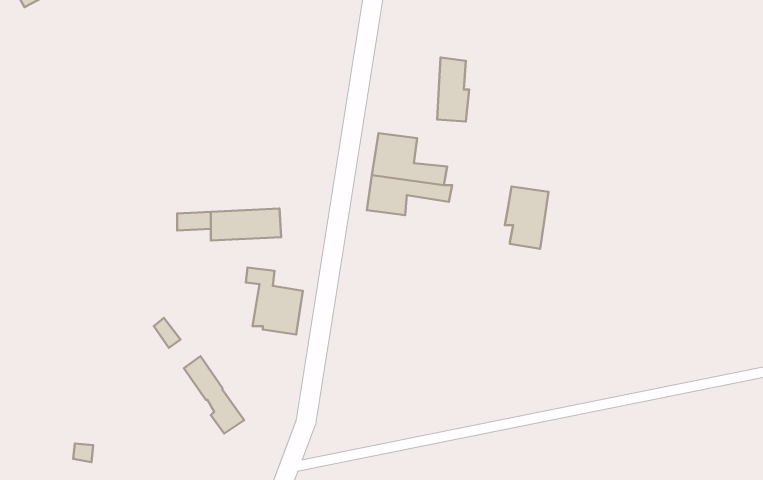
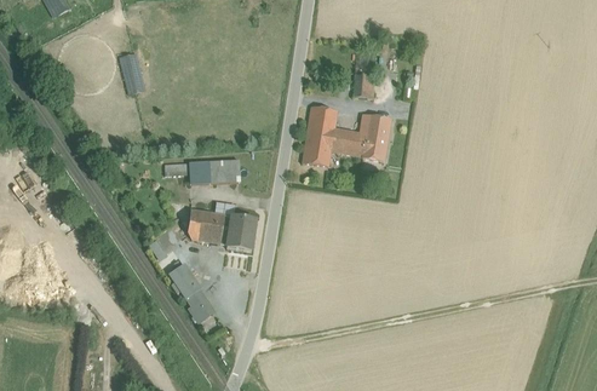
building: none -> [117,51,145,93]
building: [505,187,549,249] -> [357,115,389,160]
building: none -> [186,209,224,245]

